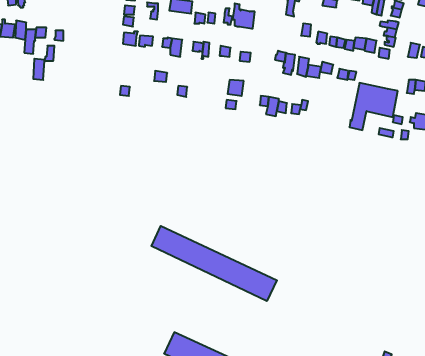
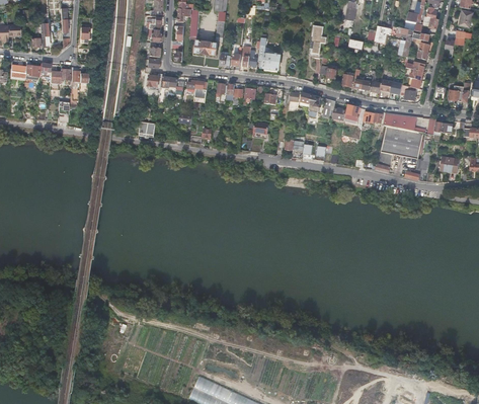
building: none -> [383,111,416,131]
building: [151,226,277,301] -> none

